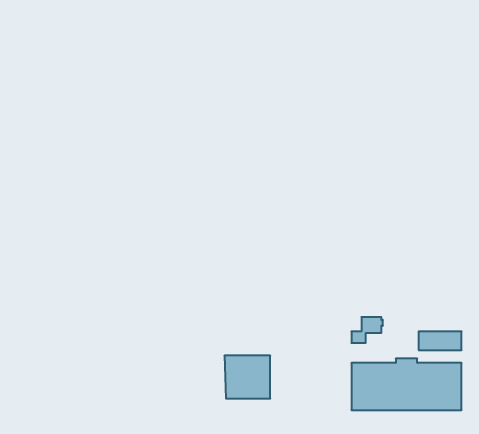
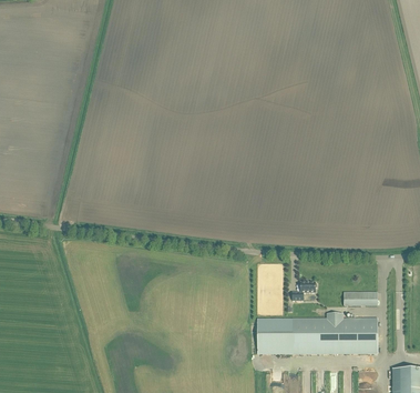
building: [224,356,270,399] -> [256,320,291,353]

